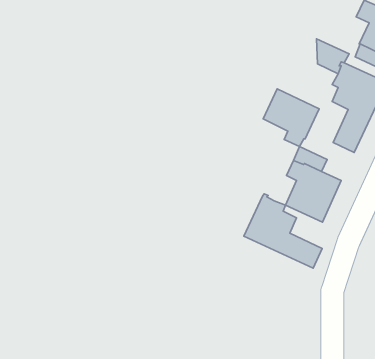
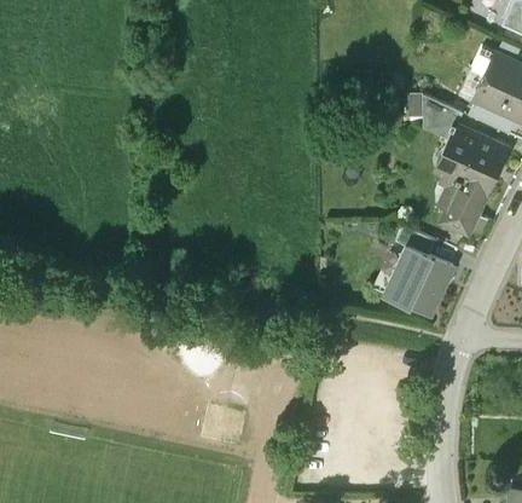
building: [263,89,319,146] -> none
building: [244,194,322,268] -> none

